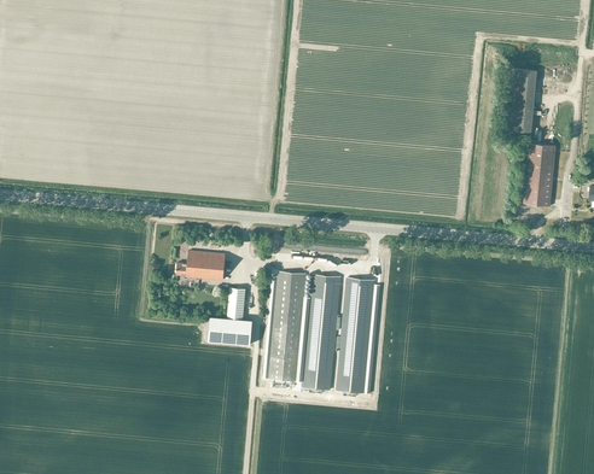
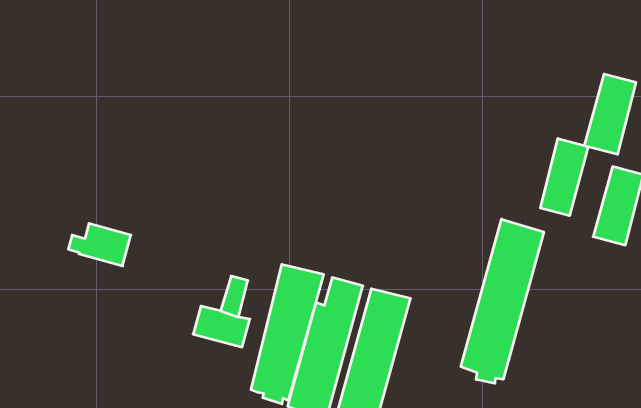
building: none -> [540,138,588,216]
building: none -> [461,219,544,383]
building: [176,251,226,281] -> [68,223,131,266]

